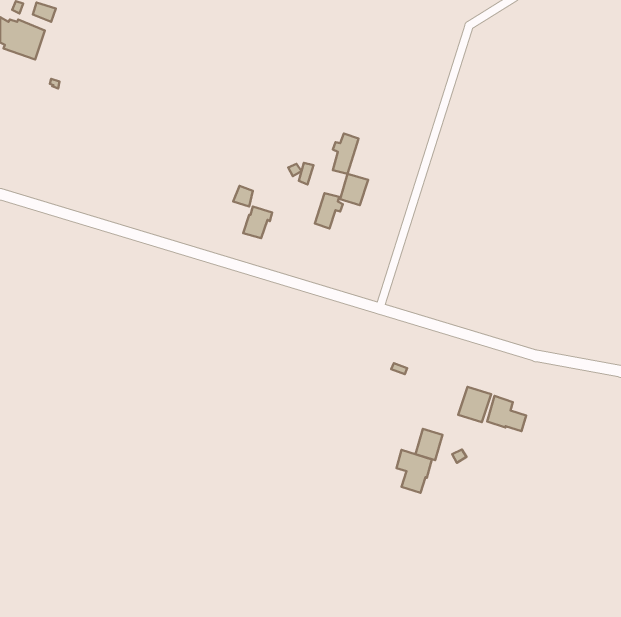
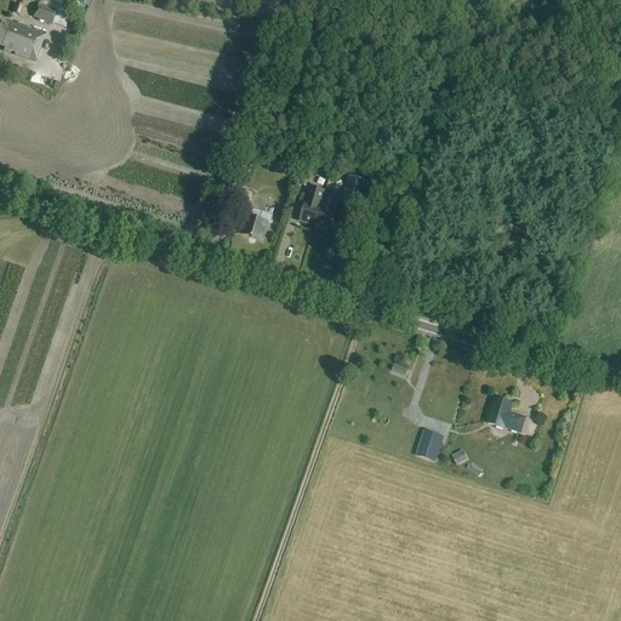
building: [333,134,359,174] -> [300,183,325,223]
building: [458,387,491,422] -> none
building: [396,450,432,493] -> none

